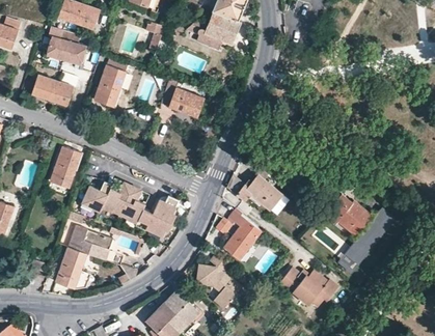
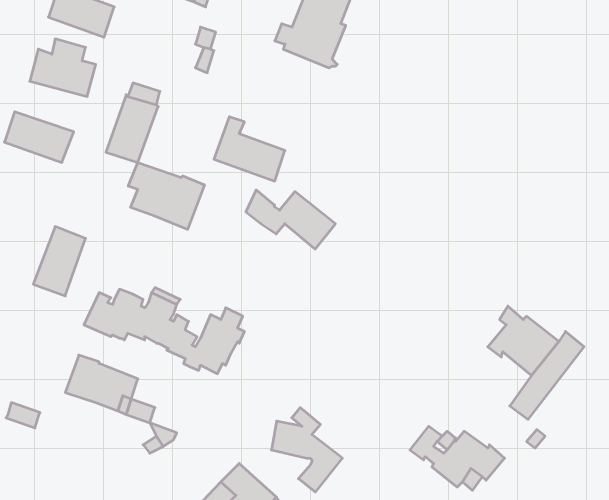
building: none -> [128,162,204,229]
building: [226,174,281,211] -> [246,190,335,249]
building: [215,209,261,260] -> none
building: [54,247,87,288] -> none

